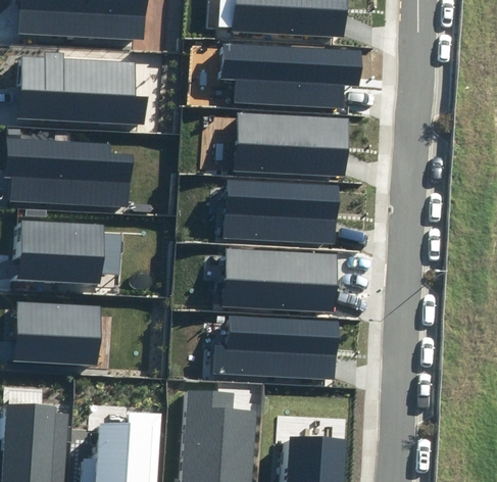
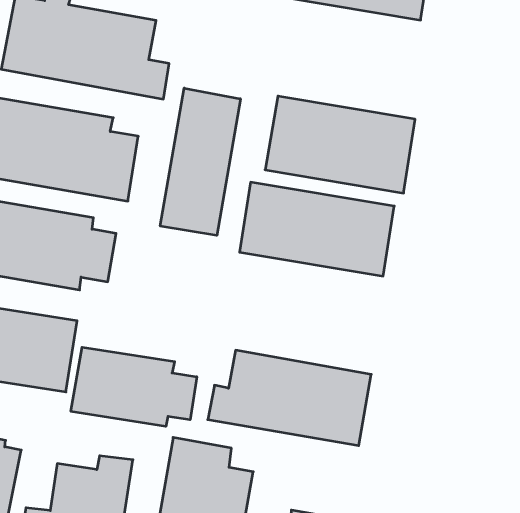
building: [222,44,360,107] -> none
building: none -> [160,88,240,235]
building: [221,249,336,312] -> none
building: none -> [71,347,197,426]

